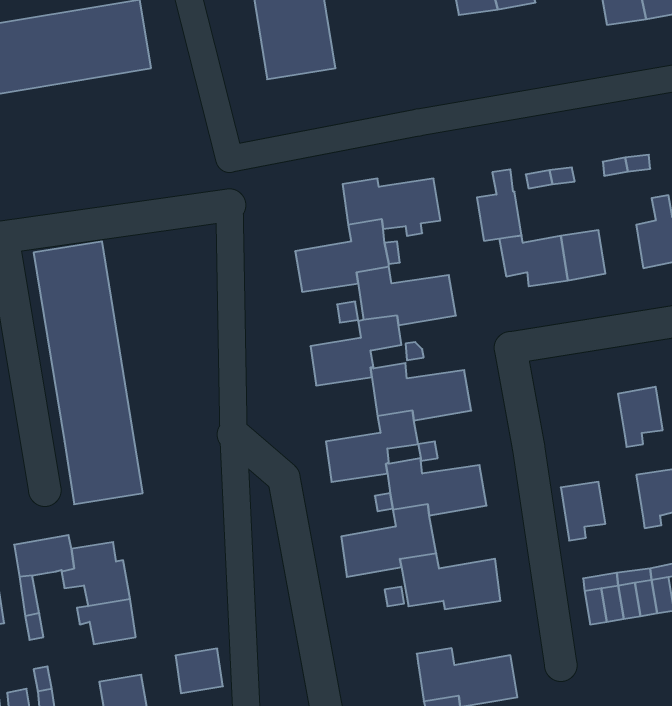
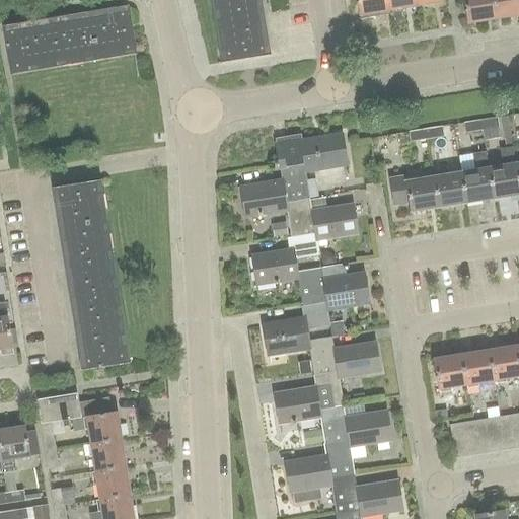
building: [477,169,522,241] -> [461,150,494,202]
building: [618,387,663,447] -> [461,348,494,391]
building: none -> [286,439,355,491]
building: [175,649,223,693] -> [95,465,130,498]

